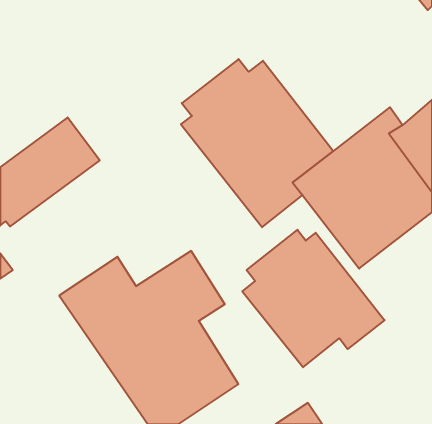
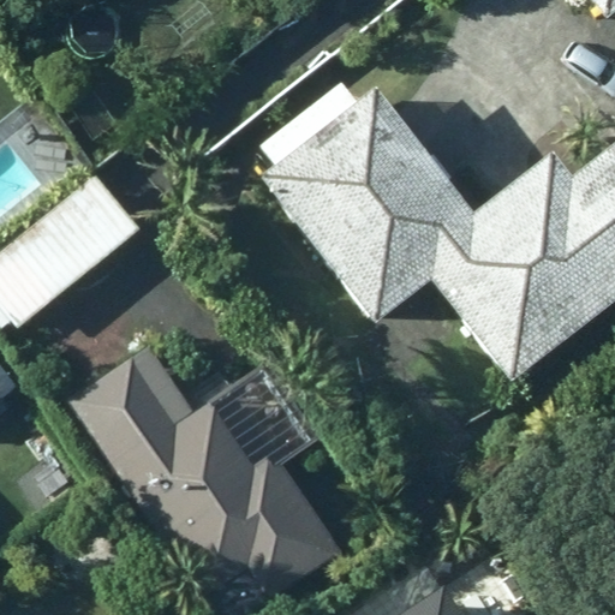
building: [242,230,385,367] -> none

